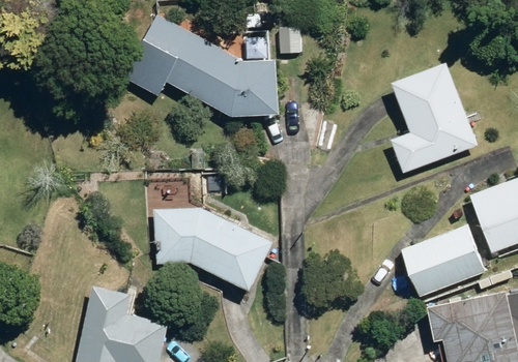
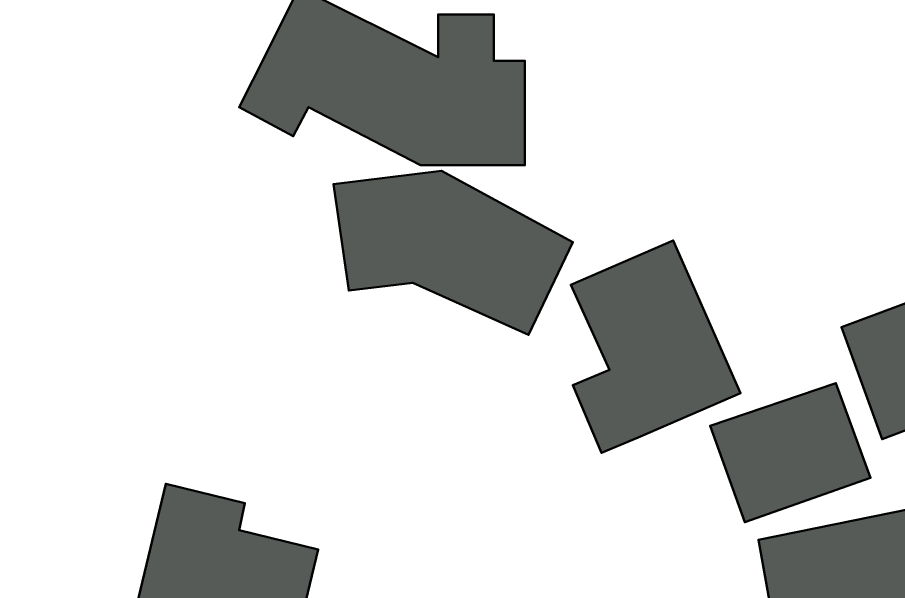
building: [376,67,467,181] -> [571,240,741,453]
building: [152,201,281,289] -> [334,171,573,335]

